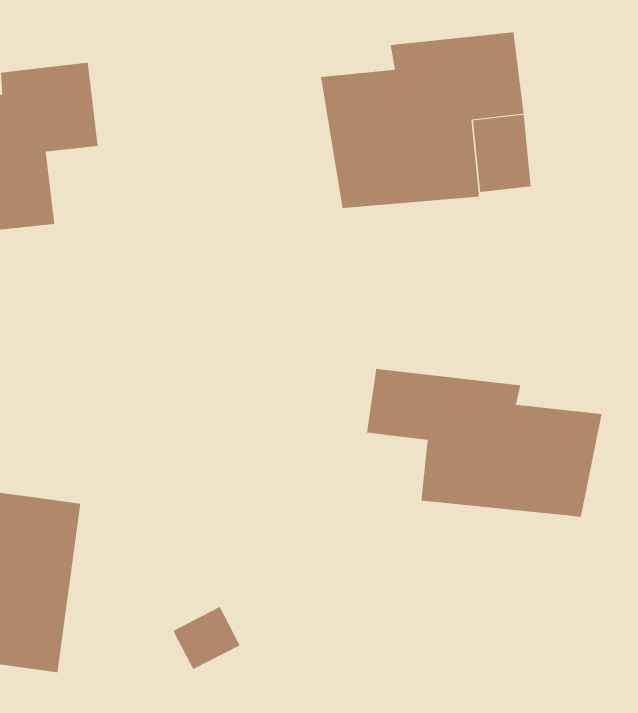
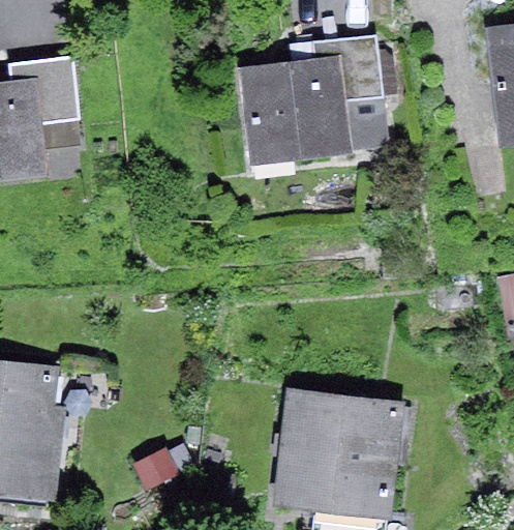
building: [367,368,602,517] -> none
building: none -> [279,394,407,513]

